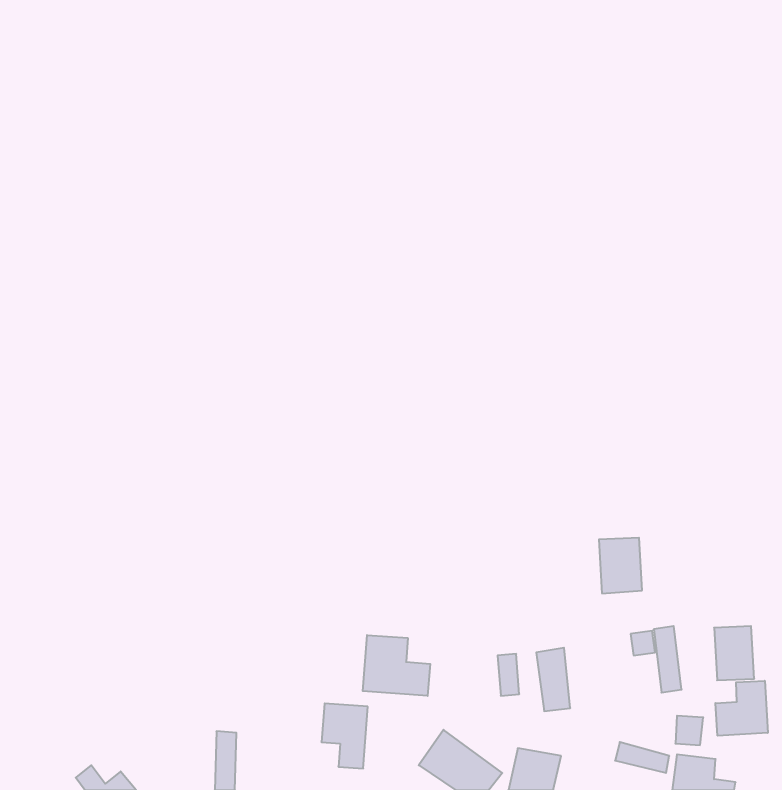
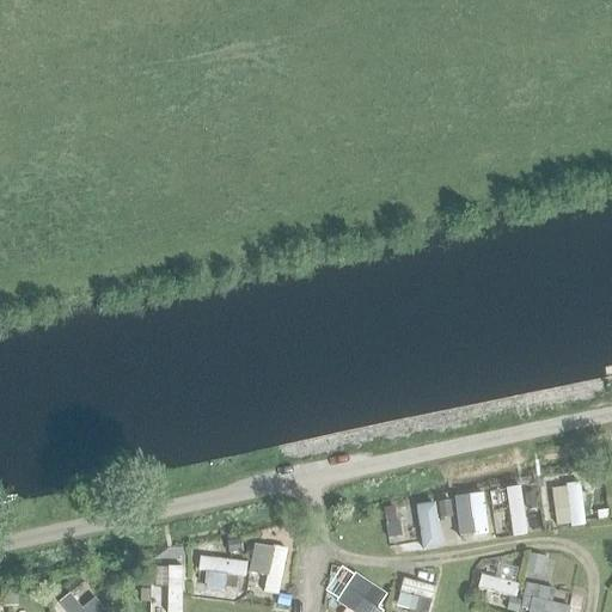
building: [599,538,642,593] -> [454,492,488,536]
building: [363,635,430,696] -> none
building: [715,681,768,736] -> none
building: none -> [197,556,247,590]

